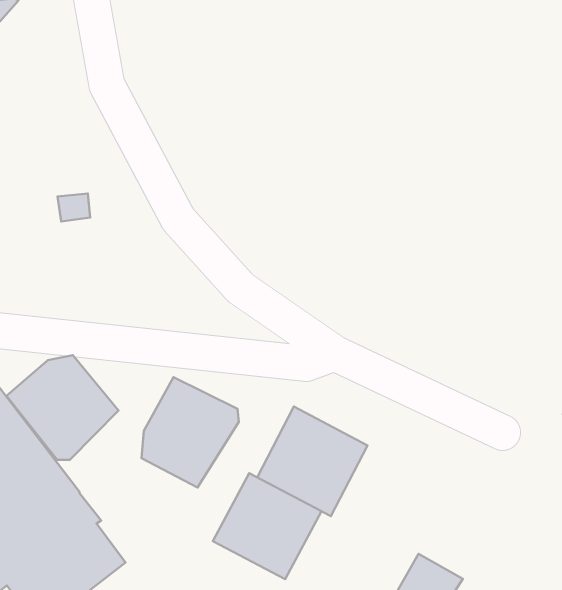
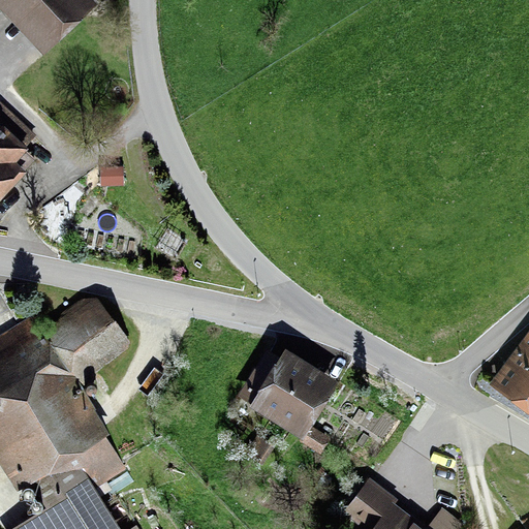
building: [142,377,239,488] -> none
building: [213,473,321,579] -> none

